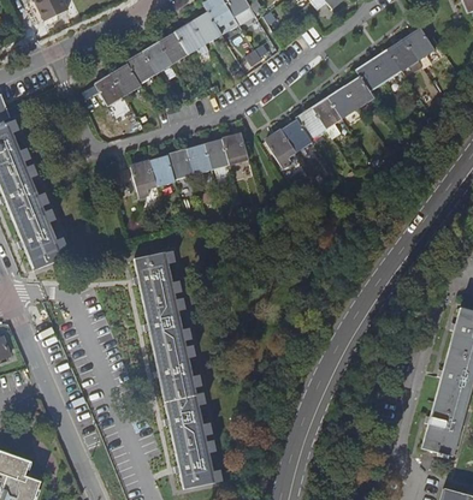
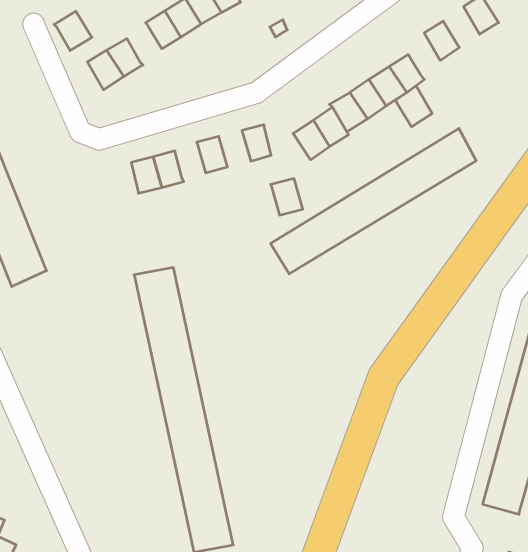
building: [390,37,420,71] -> none
building: [126,50,158,83] -> [54,11,92,51]
building: [357,59,388,93] -> [396,86,432,127]
building: none -> [271,128,476,274]
building: [205,139,231,169] -> [271,179,303,215]
building: [168,149,194,179] -> none

